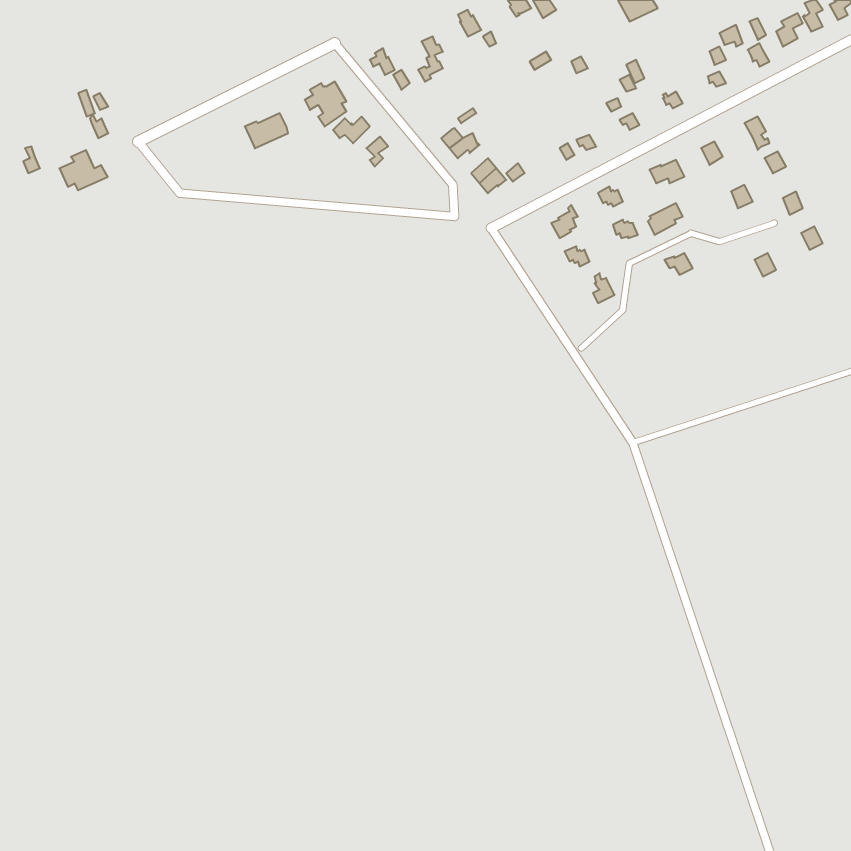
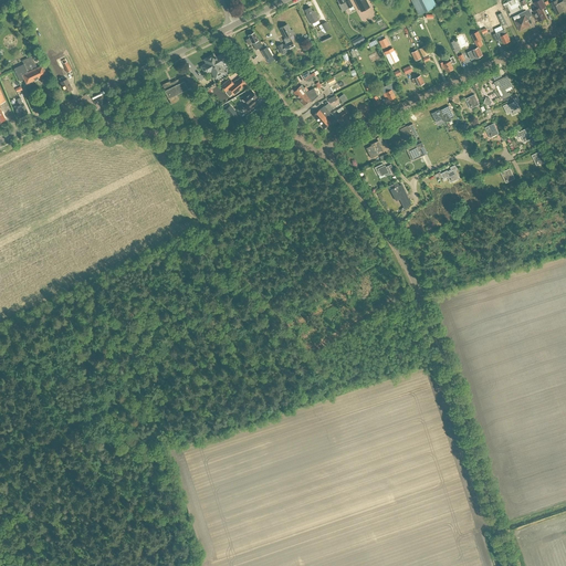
building: [59,150,108,190] -> [14,56,46,83]

